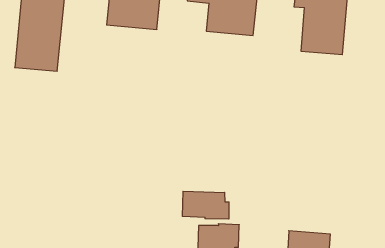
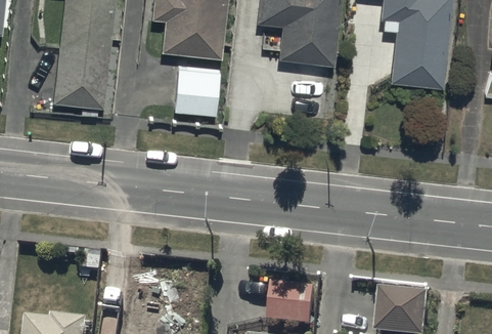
building: none -> [174,61,220,109]
building: [182,191,229,219] -> none

